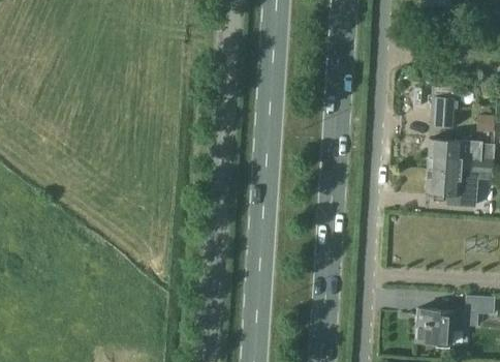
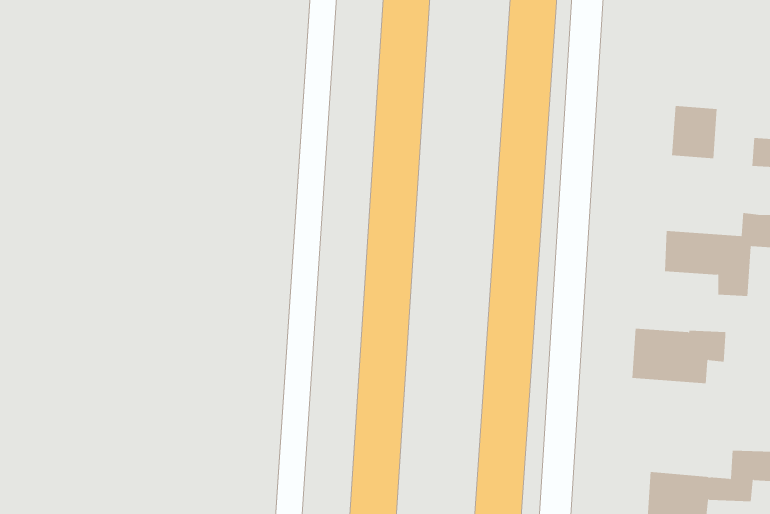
building: [429,140,483,172] -> [631,328,726,384]

